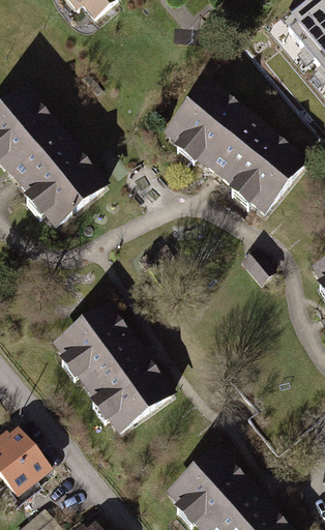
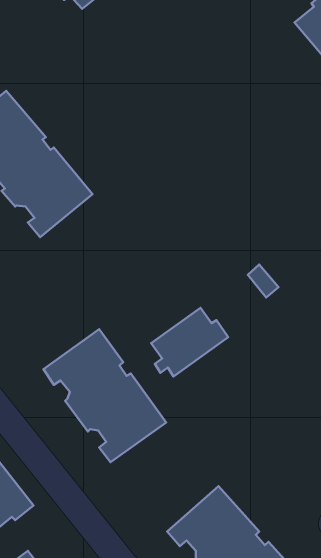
building: [167,84,301,210] -> none
building: none -> [151,308,228,377]

